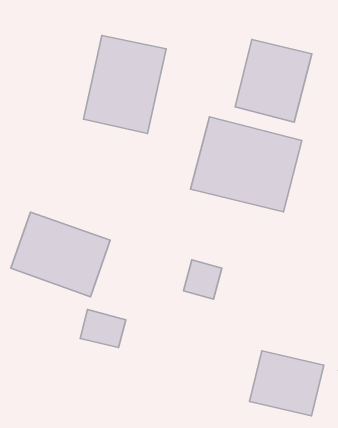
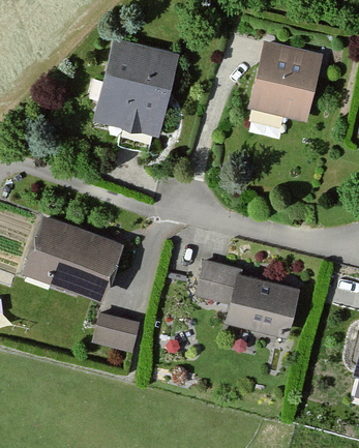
building: [190,117,302,212] -> none
building: [250,351,324,416] -> [225,273,299,338]

